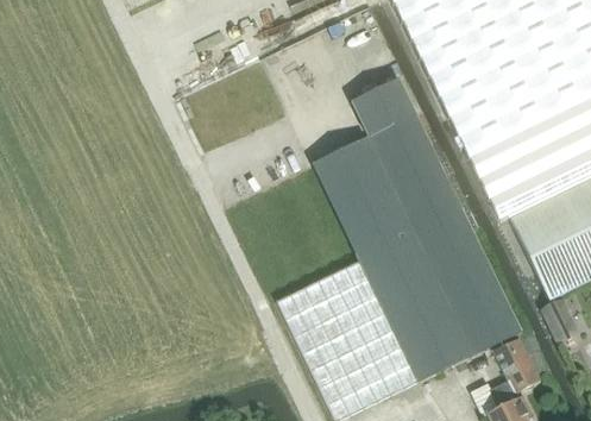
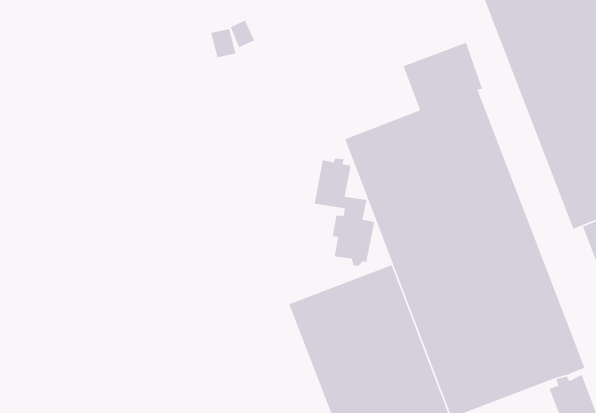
building: none -> [314,158,375,267]

